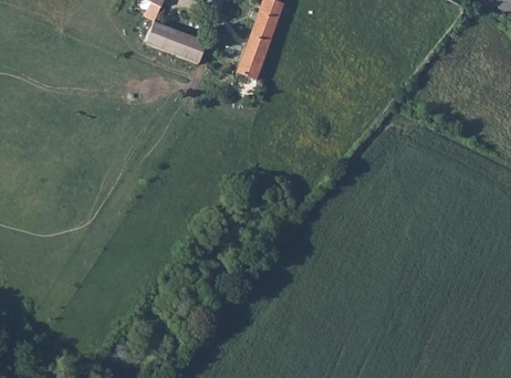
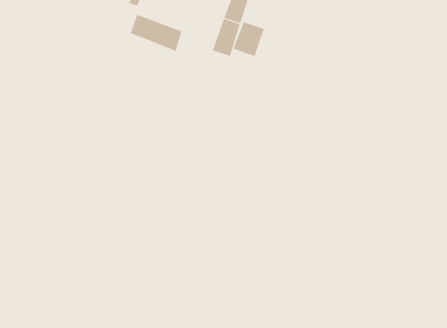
building: none -> [233,21,265,57]

